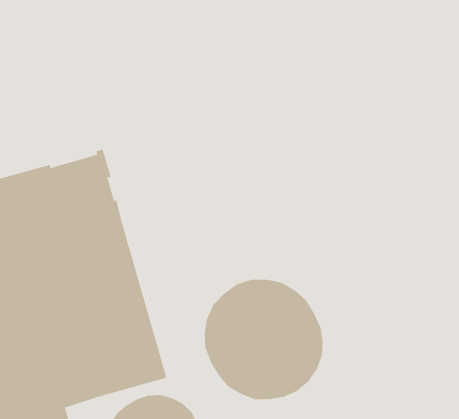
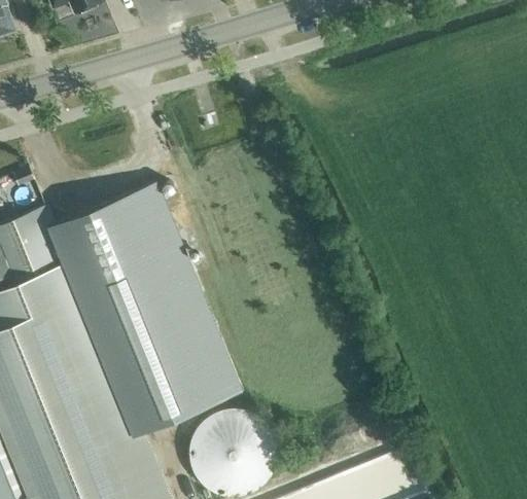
building: [204,279,323,400] -> none

